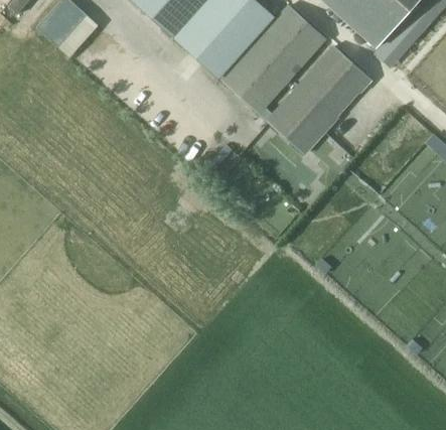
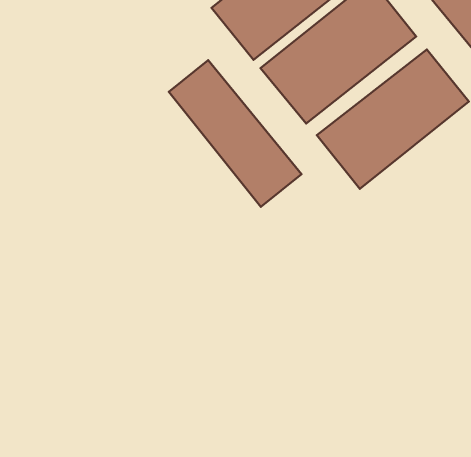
building: none -> [169,60,302,207]

